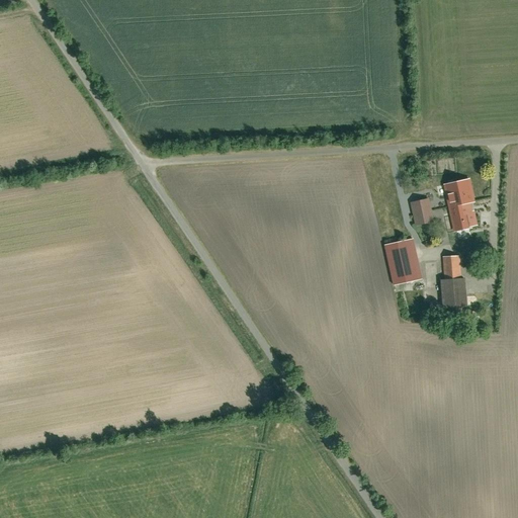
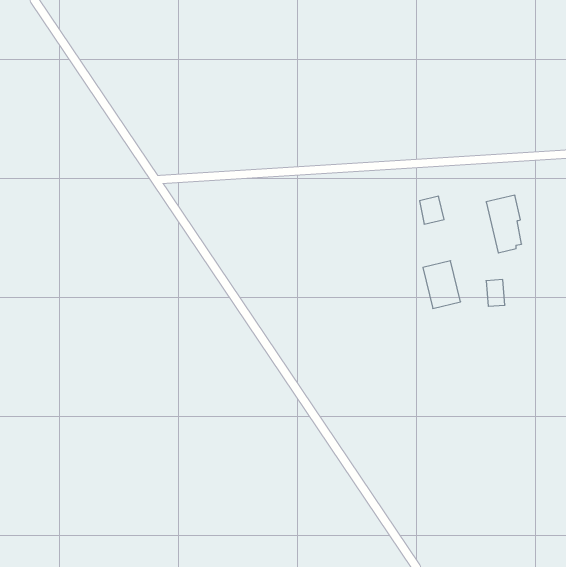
building: [411,198,433,224] -> [420,196,444,224]
building: [442,278,466,308] -> none

